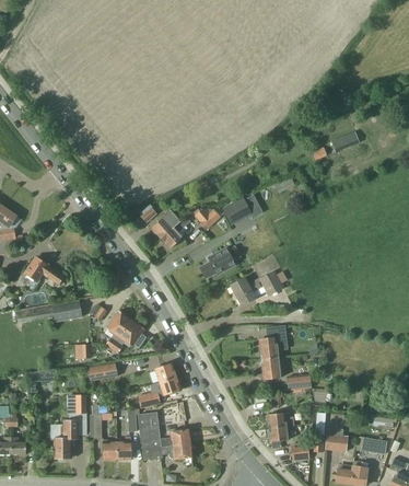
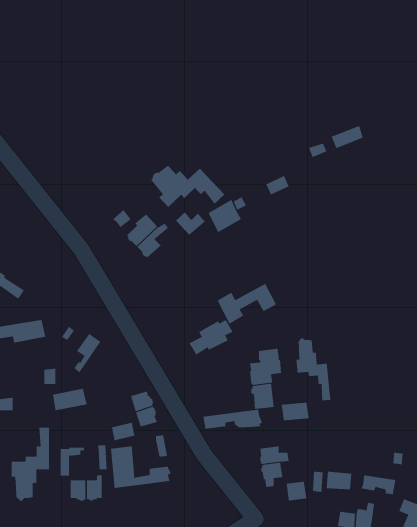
building: none -> [151,165,225,208]
building: [200,246,239,278] -> [188,319,234,356]
building: none -> [296,337,331,401]
building: [112,321,147,352] -> none
building: [141,442,194,460] -> [202,409,263,429]

